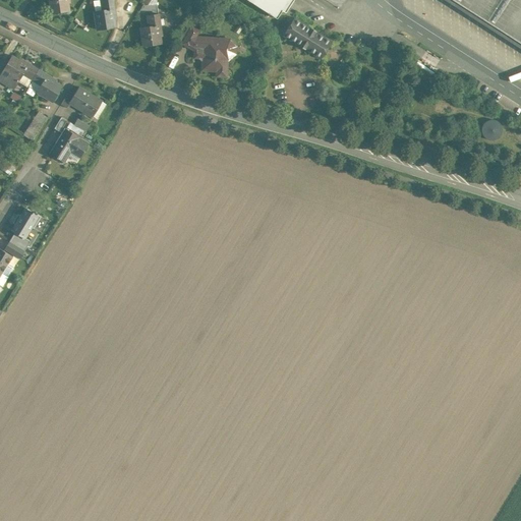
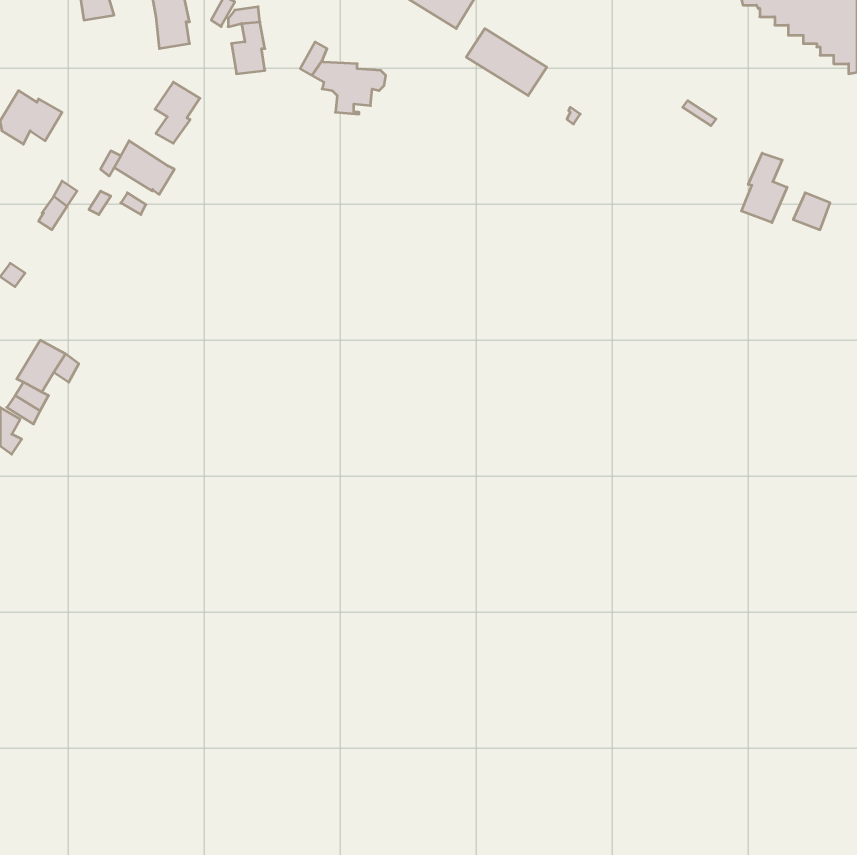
building: none -> [155,82,200,143]
building: [27,68,62,101] -> none
building: none -> [741,153,787,223]
building: [50,127,88,161] -> none

